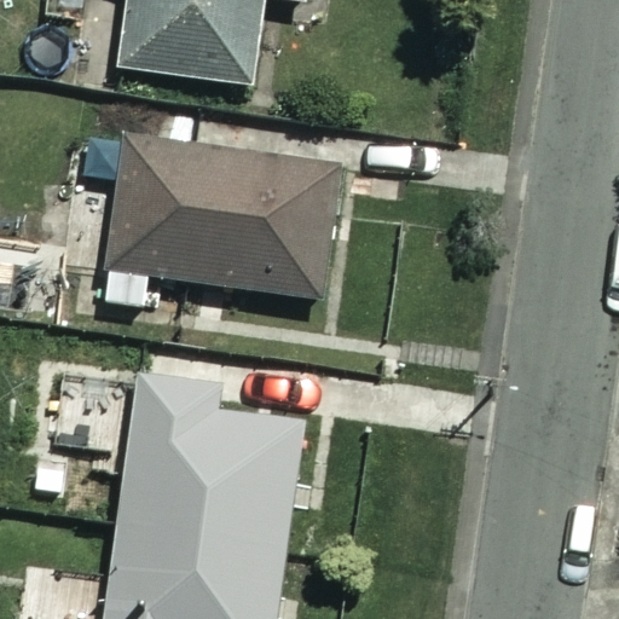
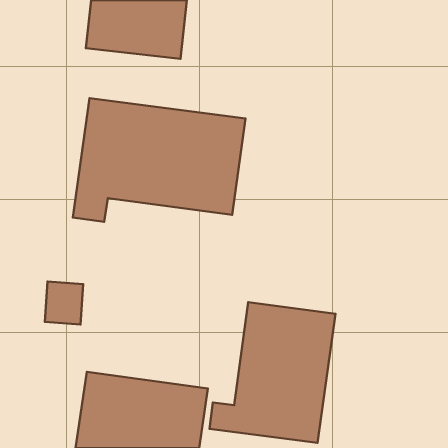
building: [120,376,303,536] -> none
building: none -> [209,302,336,443]

